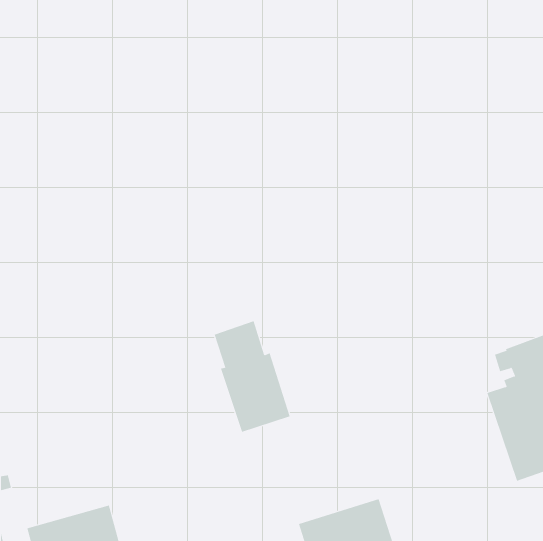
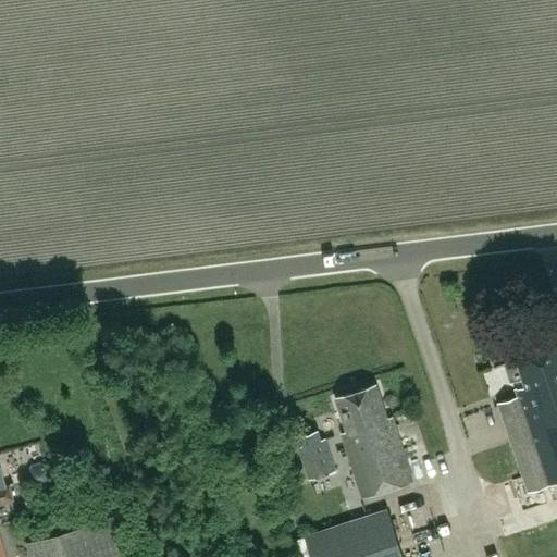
building: [214,321,290,432] -> [335,386,413,500]
building: none -> [299,433,335,482]

